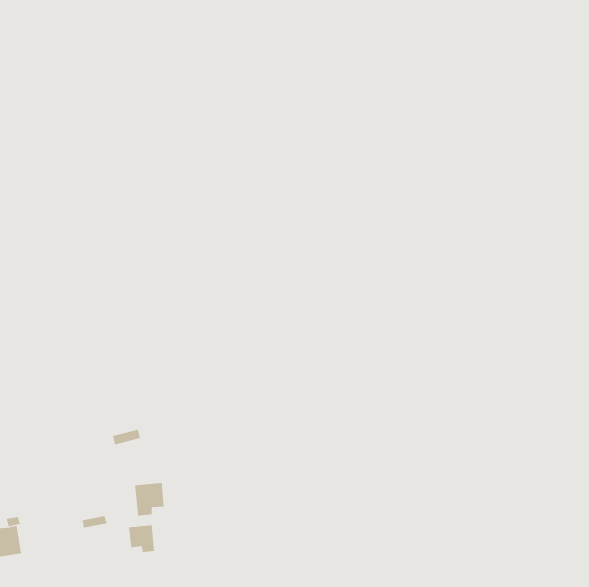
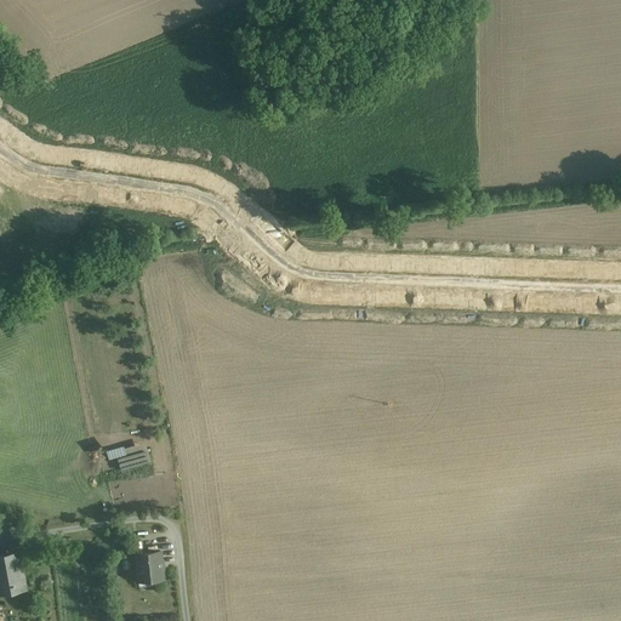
building: [135,482,164,516] -> none

